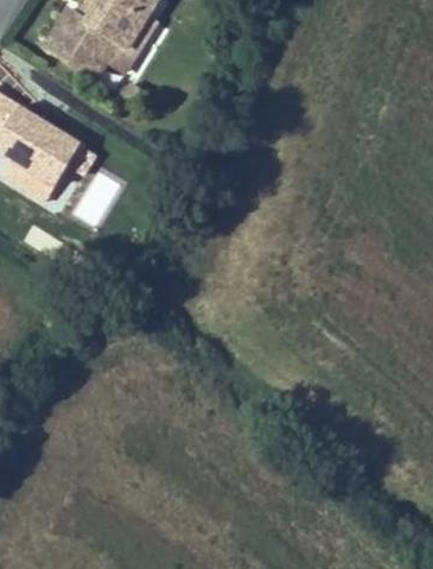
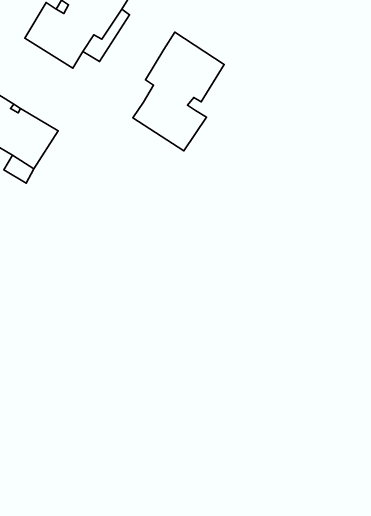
building: none -> [133,32,224,151]

